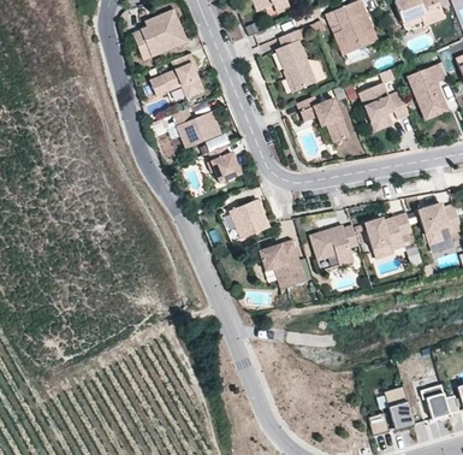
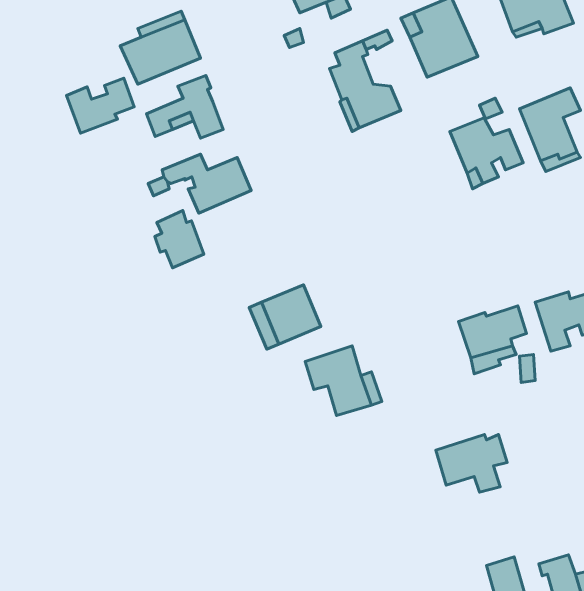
building: none -> [66,78,134,133]
building: [296,95,349,142] -> none
building: [207,143,241,183] -> [155,210,204,268]
building: [309,224,358,264] -> [436,435,507,492]

